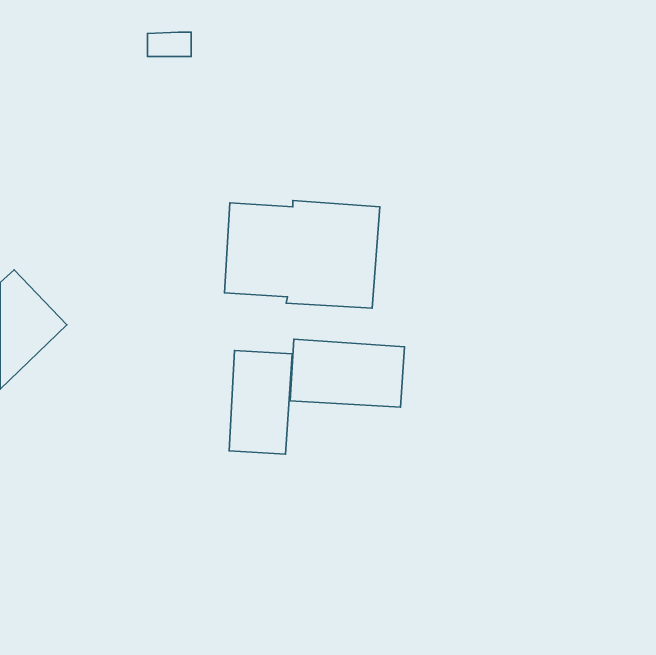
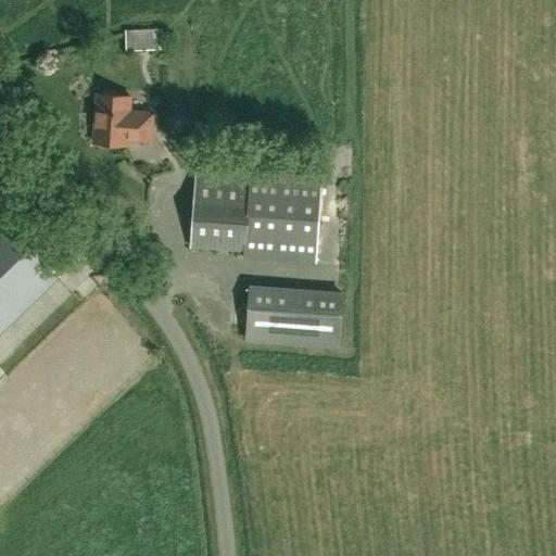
building: none -> [92,92,151,146]
building: [229,350,292,454] -> none

